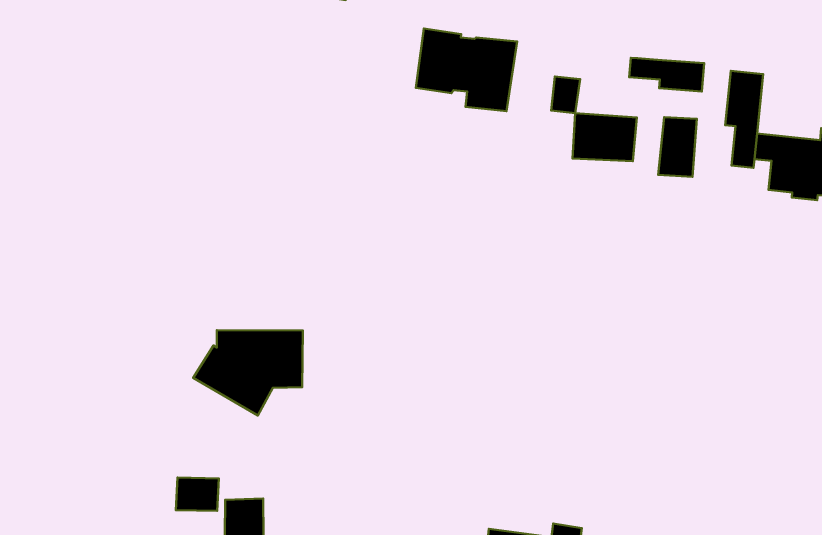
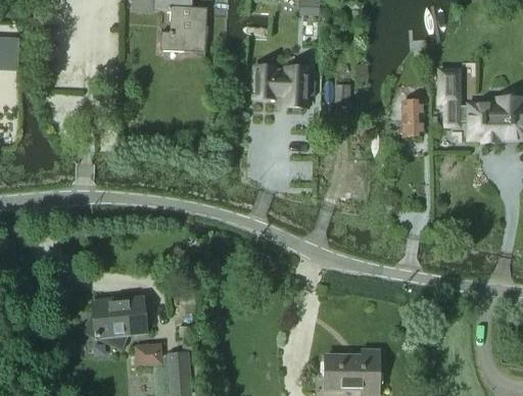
building: [629,58,704,91] -> none
building: [573,113,637,161] -> none
building: [193,330,303,415] -> [81,297,146,350]

